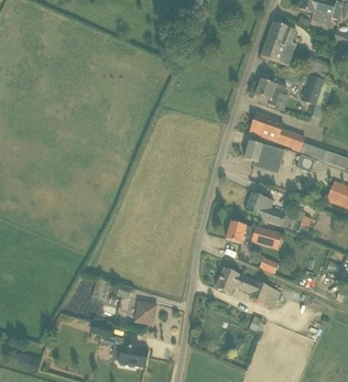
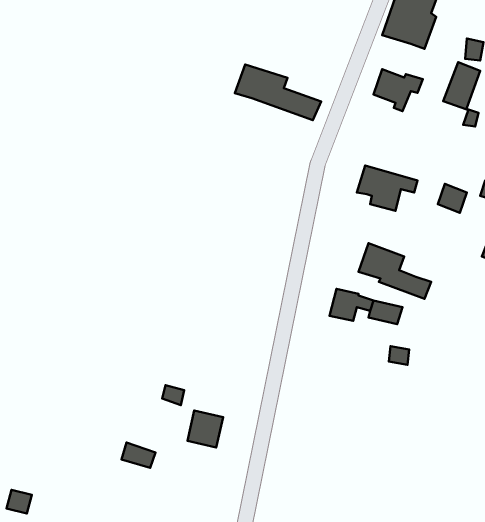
building: [249,111,305,148] -> [235,64,321,120]
building: [215,266,280,306] -> none
building: [118,337,148,365] -> none

